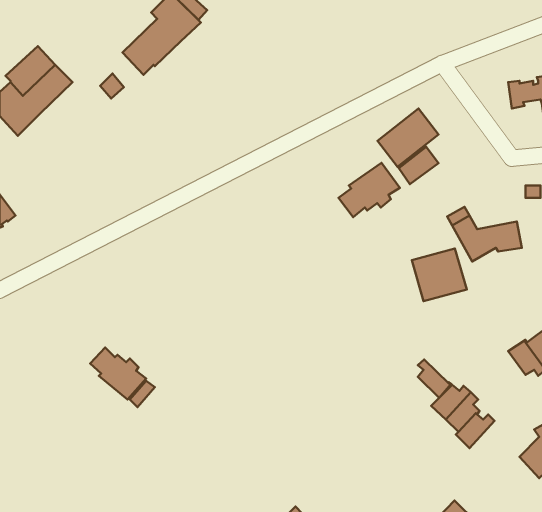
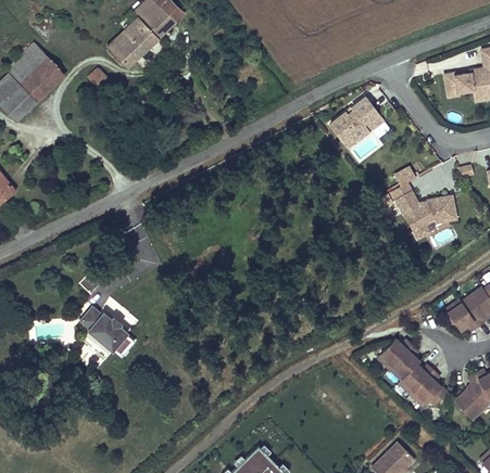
building: [338,163,400,217] -> none
building: [412,248,467,301] -> none
building: [418,359,451,398] -> none
building: none -> [411,370,448,406]

